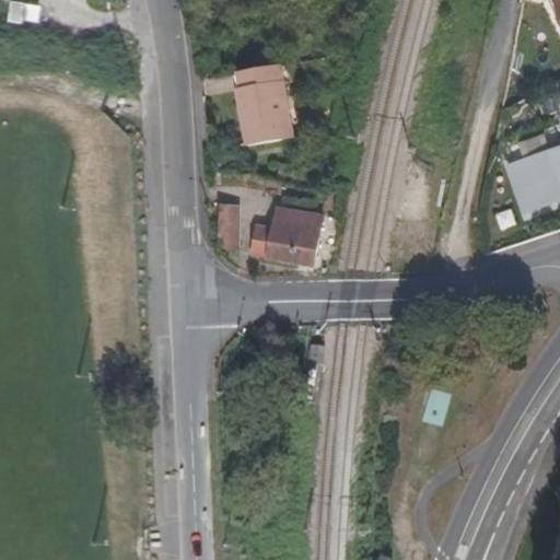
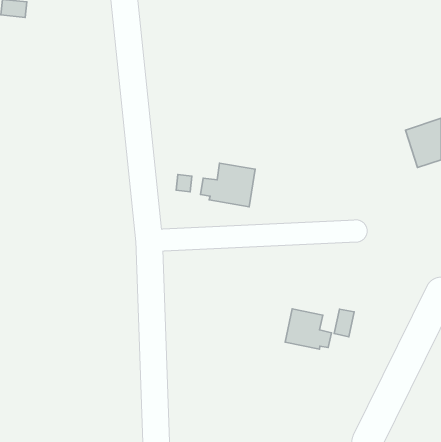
building: [235,63,292,145] -> none
building: none -> [285,309,331,349]

